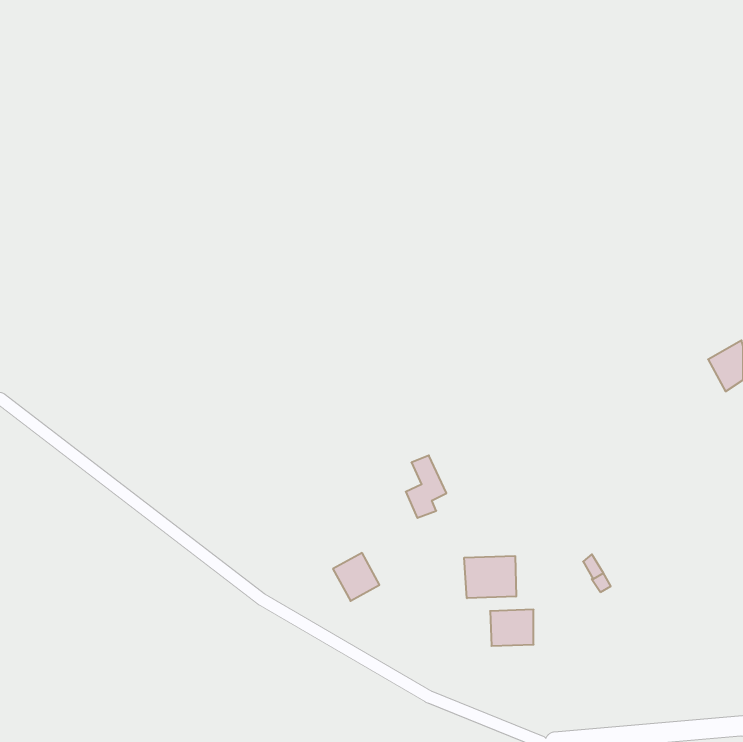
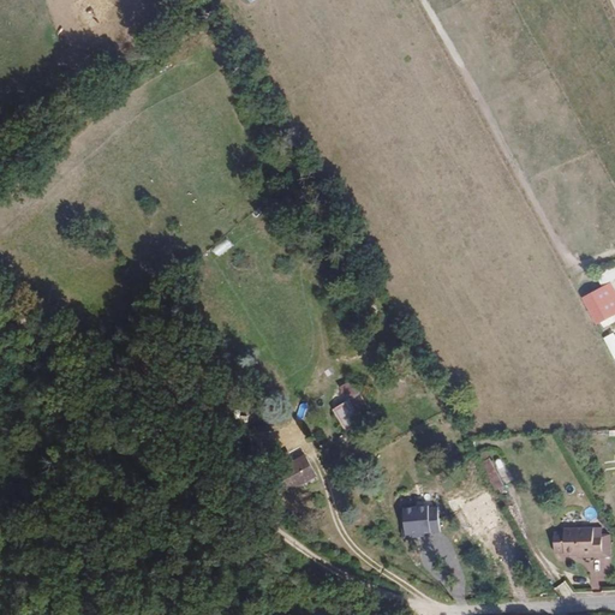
building: [464,556,516,598] -> none
building: none -> [549,525,599,556]

